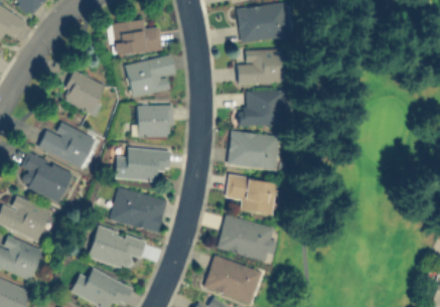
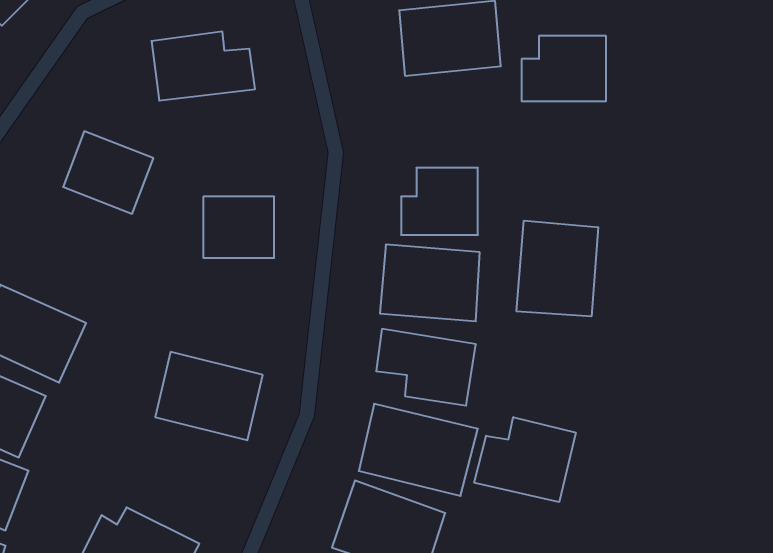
building: [238,49,282,84] -> [522,36,606,101]
building: [125,56,174,96] -> none
building: none -> [517,221,598,316]
building: [37,123,95,168] -> none
building: [116,148,169,182] -> none
building: none -> [474,417,576,502]
building: [90,226,146,270] -> none

